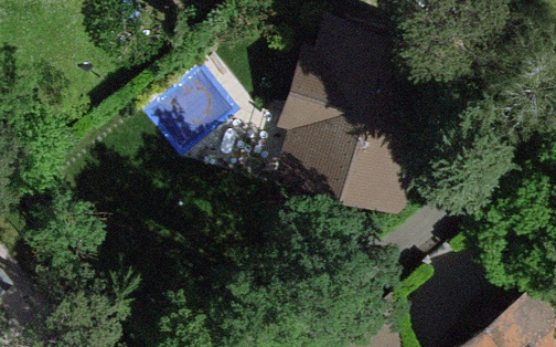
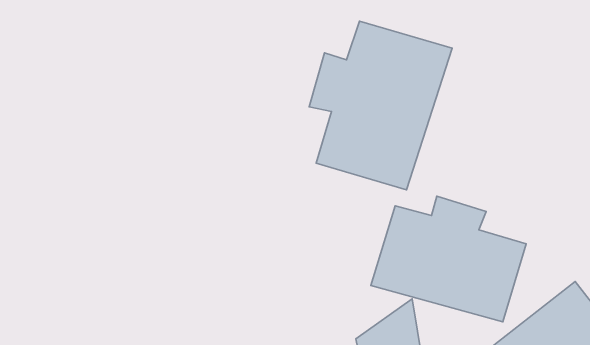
building: none -> [371,196,526,322]

